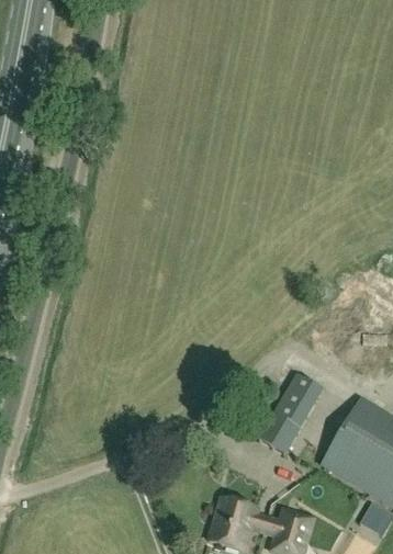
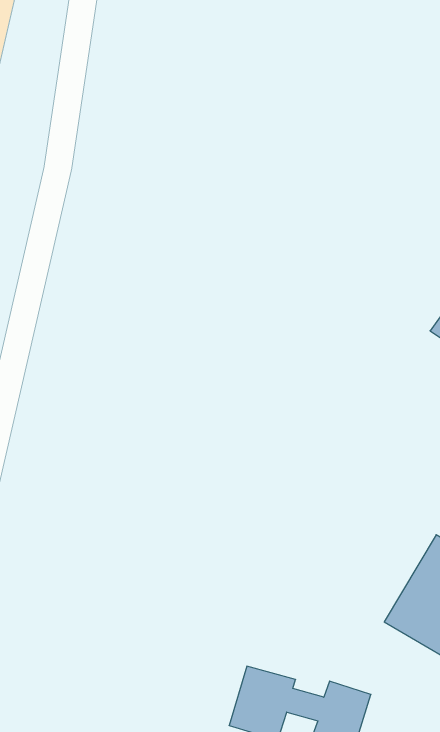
building: [258,374,322,455] -> none

